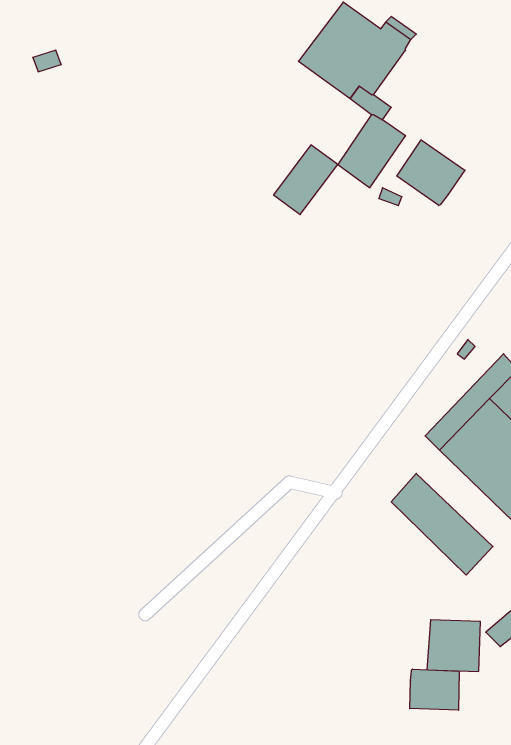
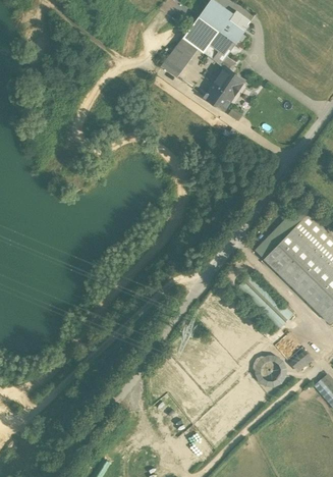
building: [397,140,465,206] -> none
building: [274,145,338,215] -> [161,38,198,77]
building: [410,669,459,710] -> none

